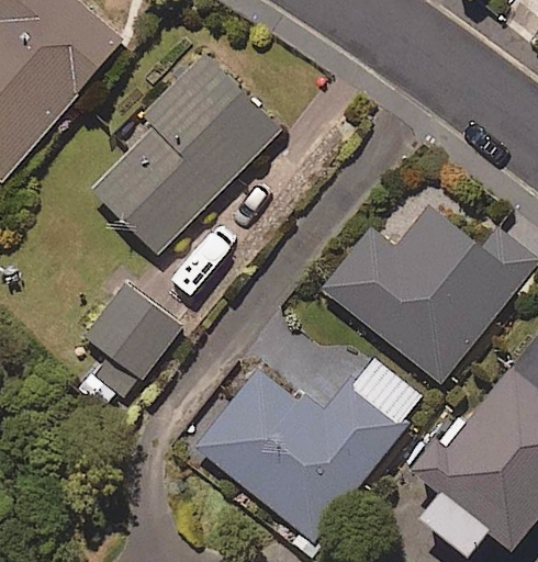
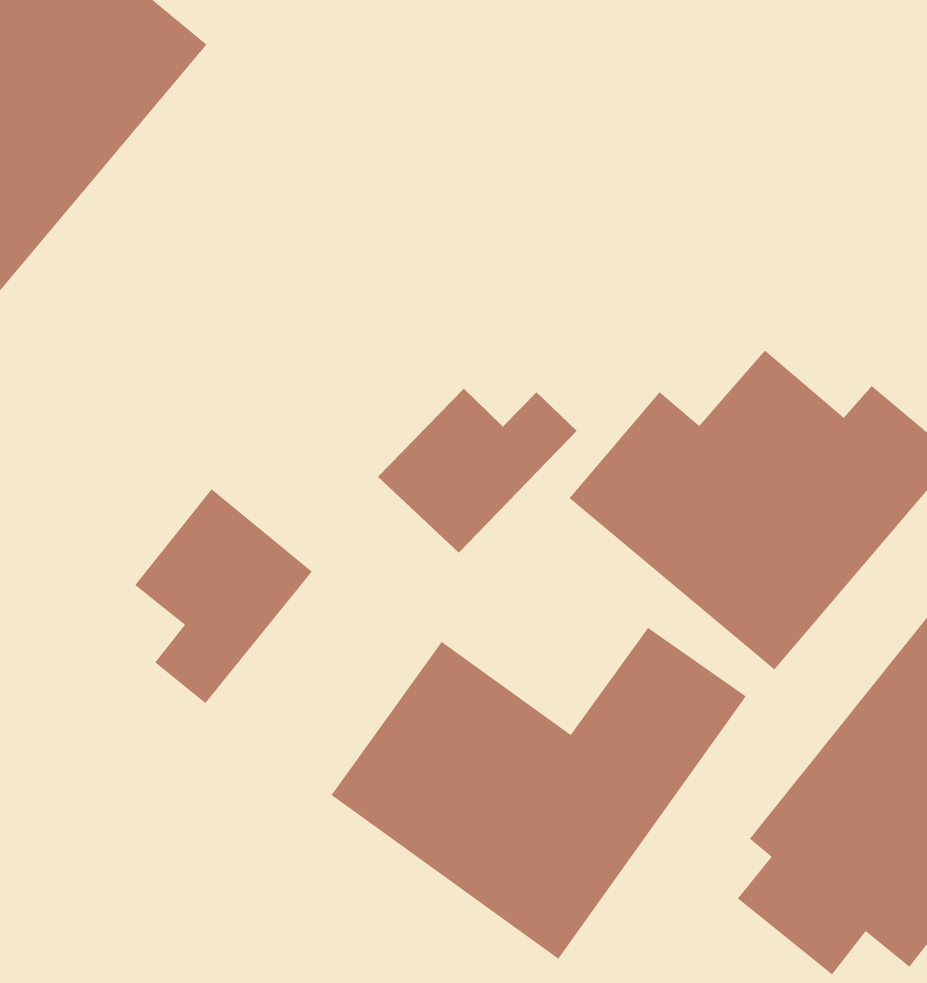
building: [88,59,280,254] -> none
building: none -> [377,388,578,554]

